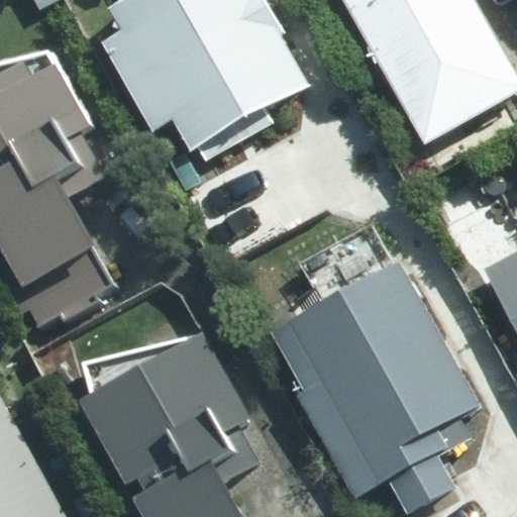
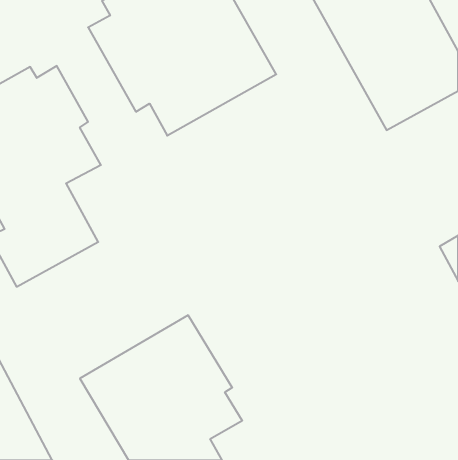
building: [281,280,454,472] -> none

